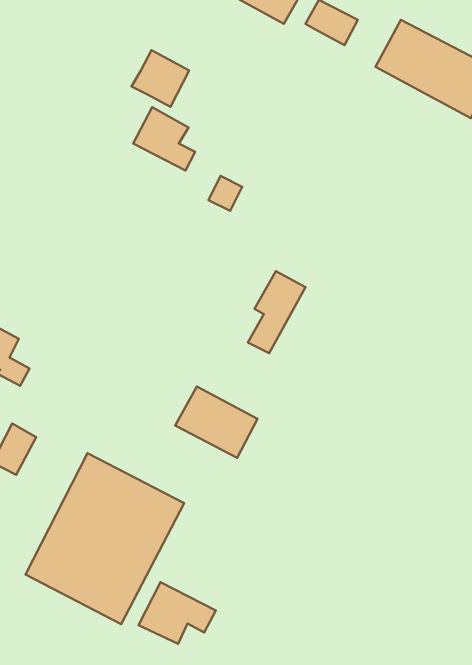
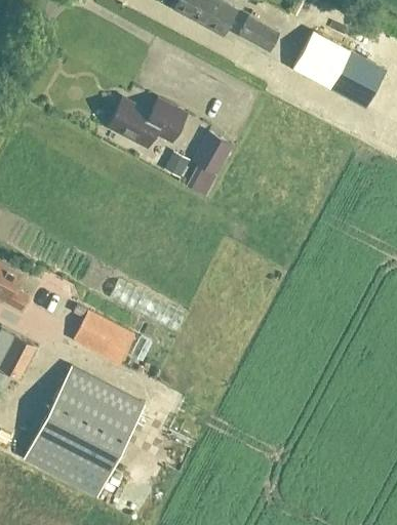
building: [131,50,189,107] -> [143,98,187,142]
building: [248,271,306,353] -> [188,132,232,195]
building: [175,387,257,458] -> [72,310,134,364]
building: [139,582,216,644] -> none

